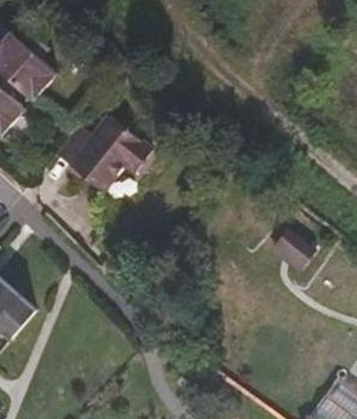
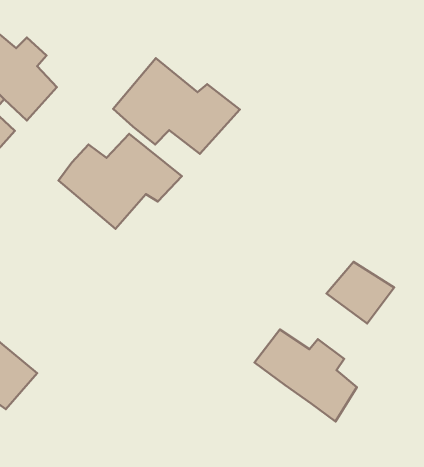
building: none -> [113,58,240,154]
building: none -> [254,329,357,422]

